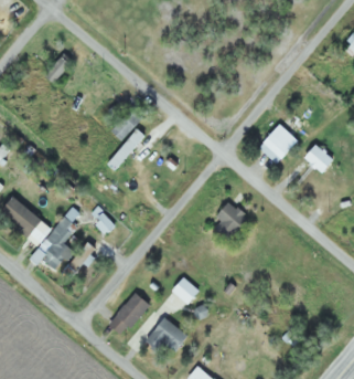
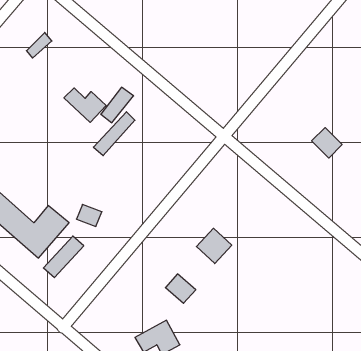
building: none -> [64,88,106,122]
building: [259,124,298,162] -> none
building: [214,201,246,233] -> [196,228,232,264]
building: [107,293,150,336] -> none

